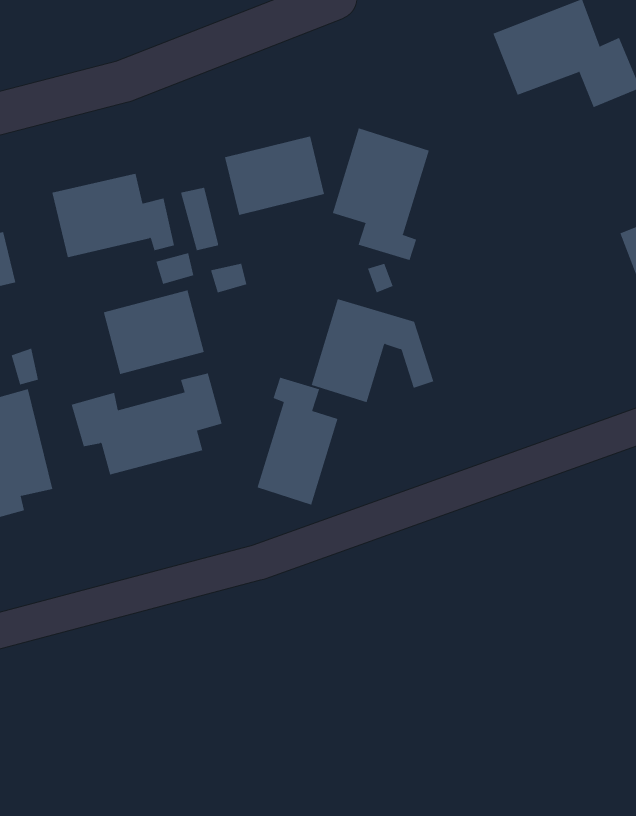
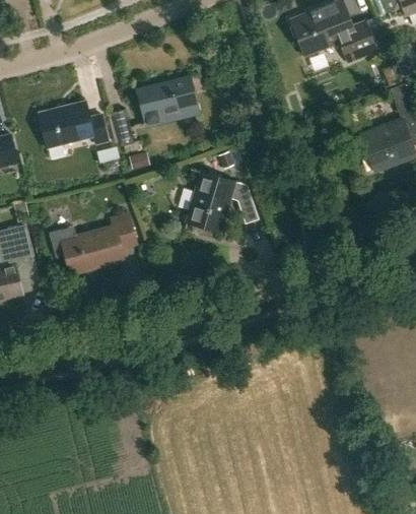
building: [332,127,430,261] -> none
building: [103,290,205,375] -> none
building: [257,377,338,505] -> none

